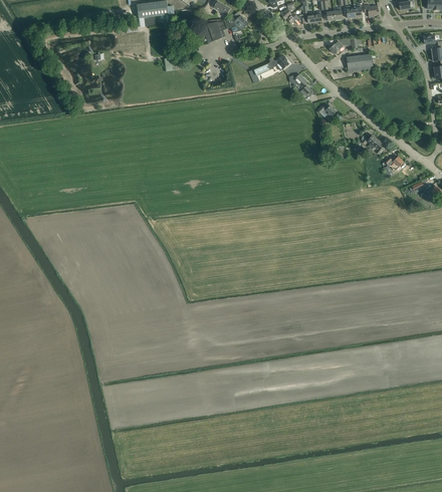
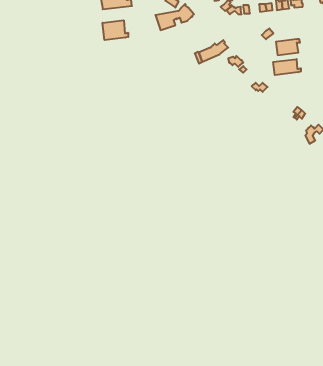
building: none -> [103,20,128,40]
building: none -> [273,59,301,75]

